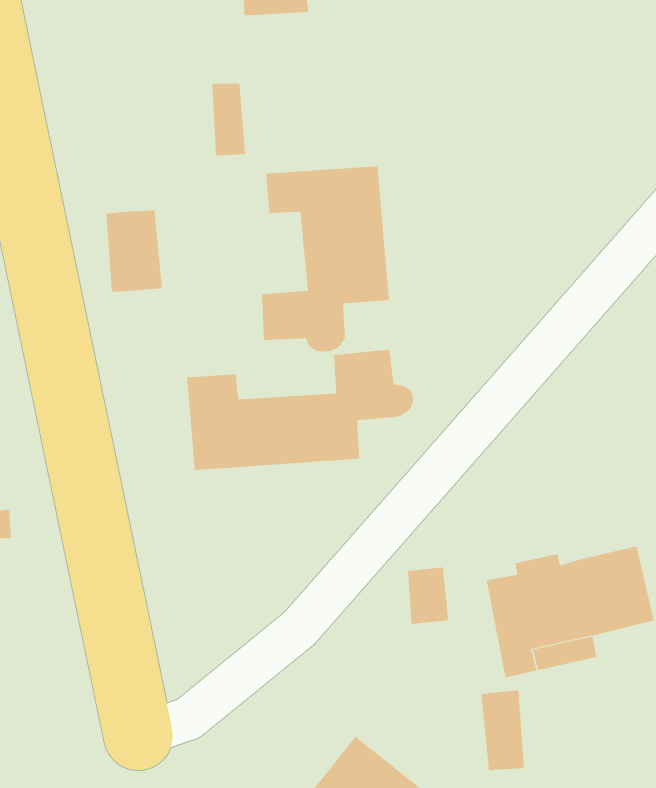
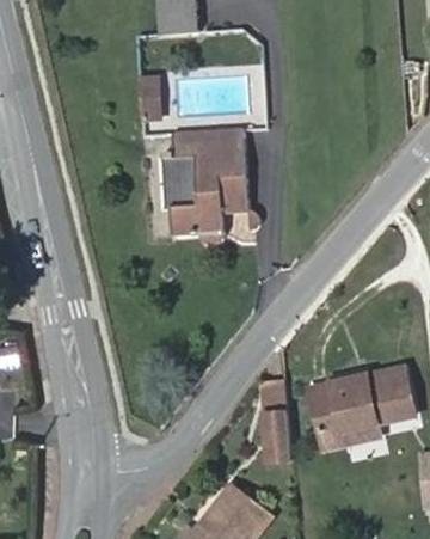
building: [105,210,163,292] -> [164,158,199,209]
building: [187,349,414,471] -> none
building: [481,690,525,771] -> [264,412,291,463]

